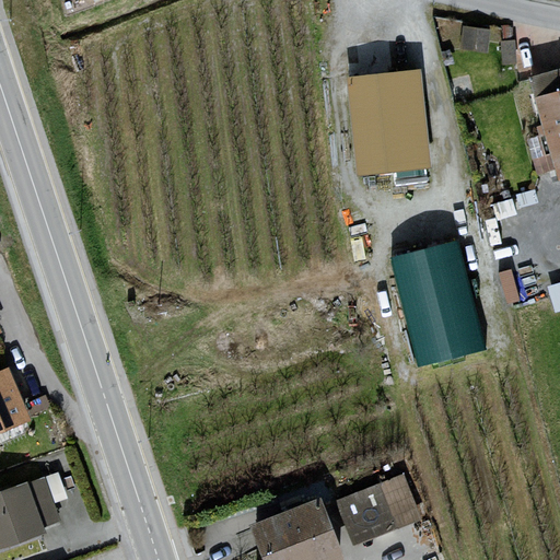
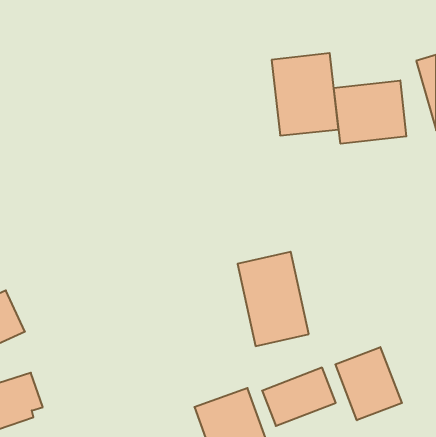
building: none -> [334,80,406,144]
building: [394,247,485,368] -> [238,252,309,346]
building: none -> [335,347,402,420]

